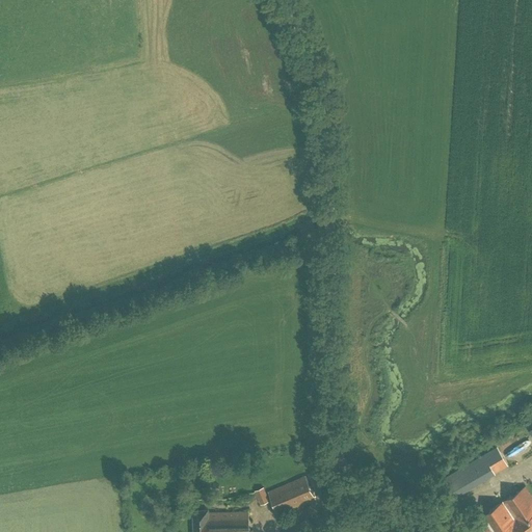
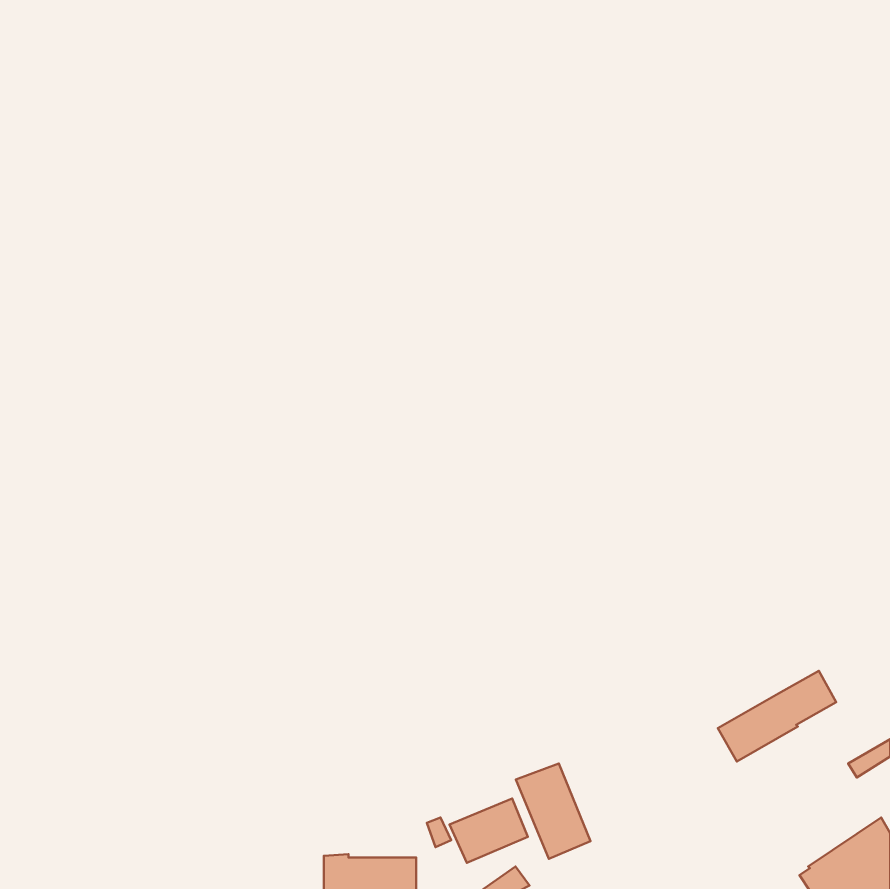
building: [437,448,508,502] -> [718,671,836,761]
building: none -> [516,763,590,859]

